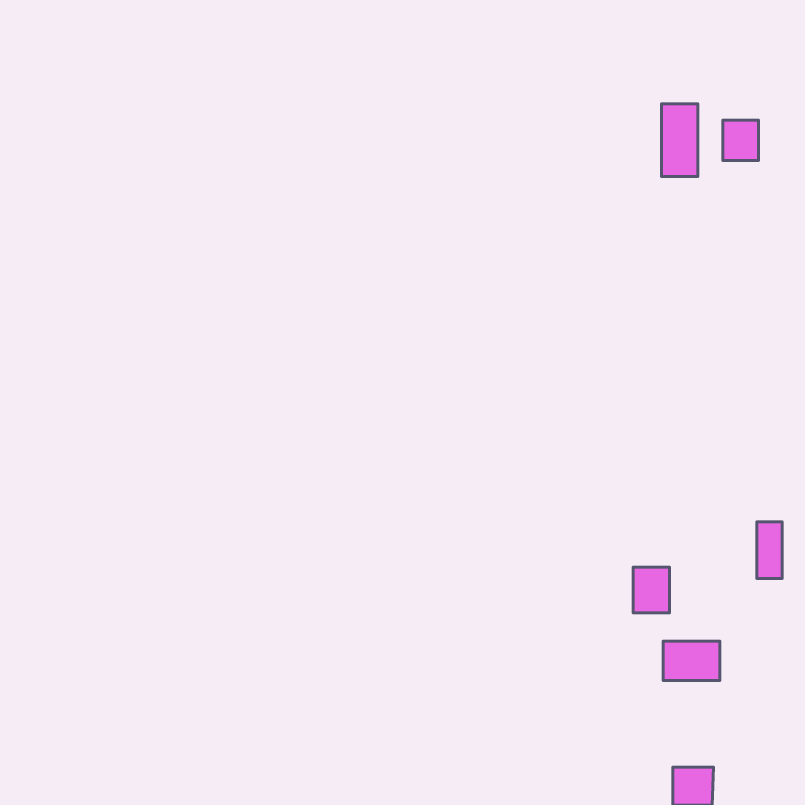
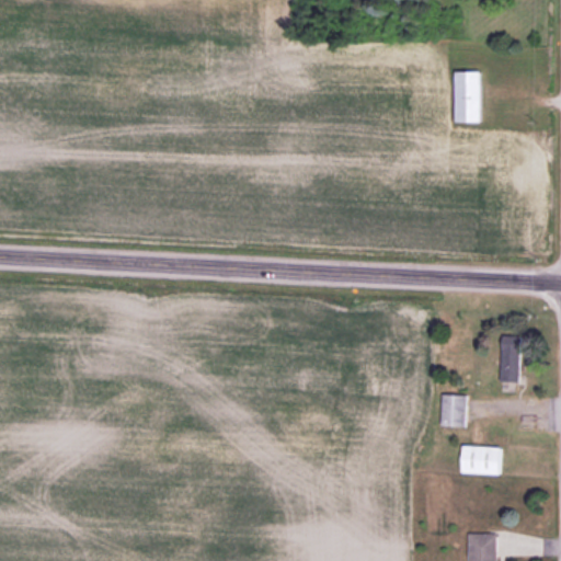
building: [723,120,758,160] -> none
building: [757,522,782,578] -> [501,342,518,381]

